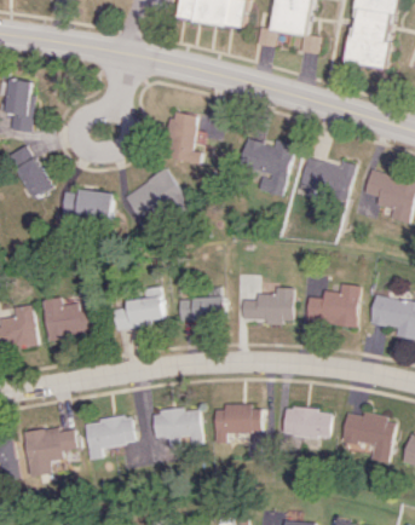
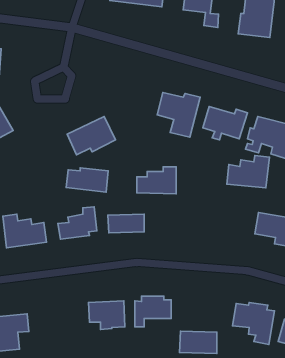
building: [168,111,203,166] -> none
building: [60,190,115,221] -> [66,168,108,192]
building: [304,284,359,327] -> [227,155,270,188]
building: [241,288,292,323] -> [137,167,176,194]
building: [281,409,329,438] -> [180,331,217,353]
building: [82,417,132,460] -> none

